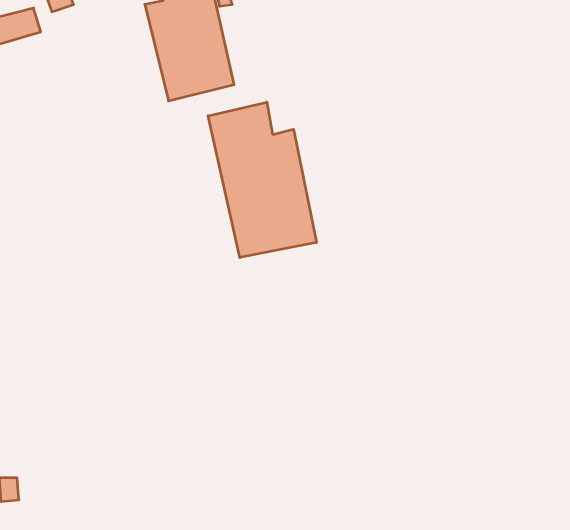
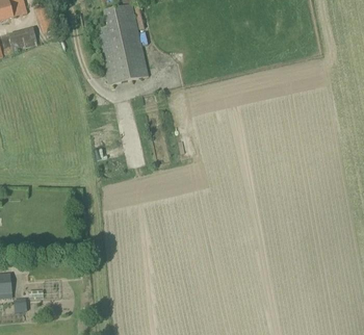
building: [208,102,316,258] -> none

